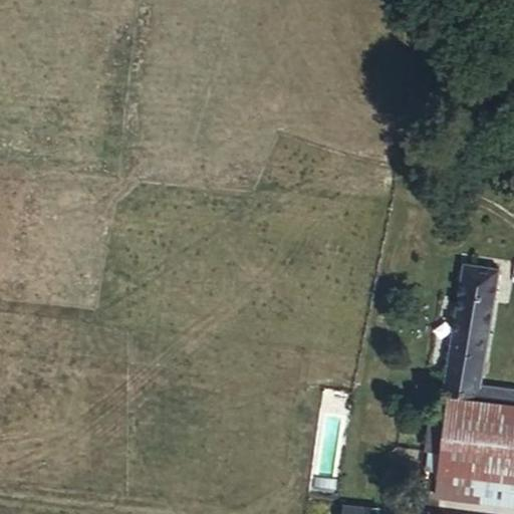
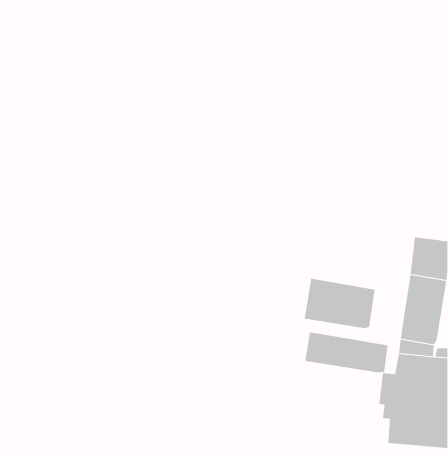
building: none -> [304,278,375,329]
building: none -> [305,332,388,373]

